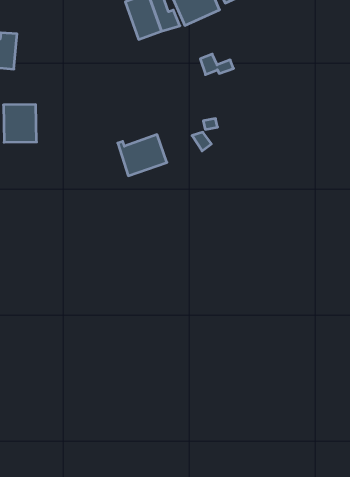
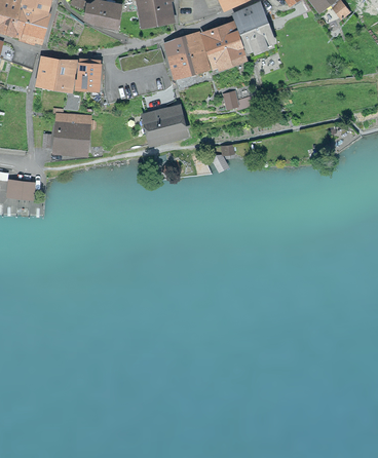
building: none -> [77,60,99,87]
building: [118,135,167,176] -> [145,109,184,141]

